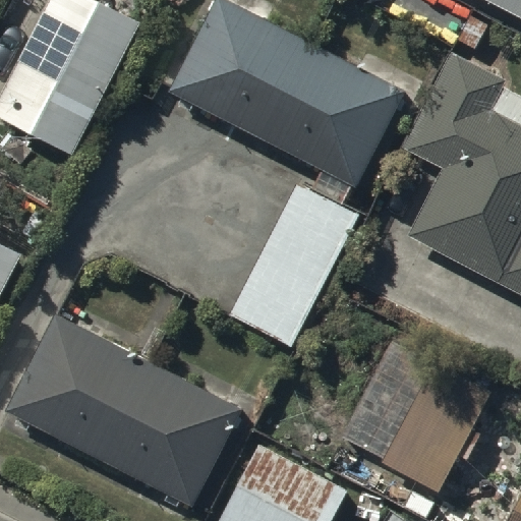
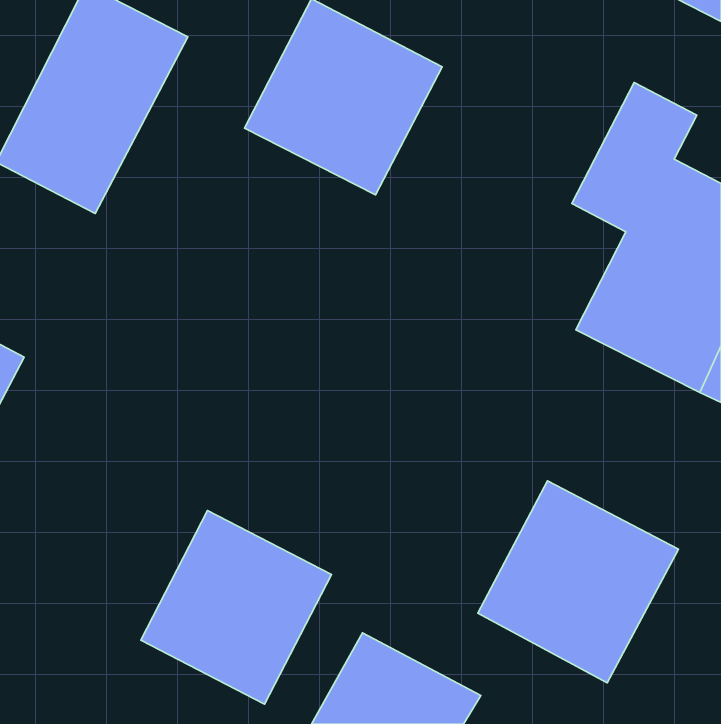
building: [269,48,405,185] -> none
building: [232,187,354,340] -> none
building: [7,317,149,458] -> none

